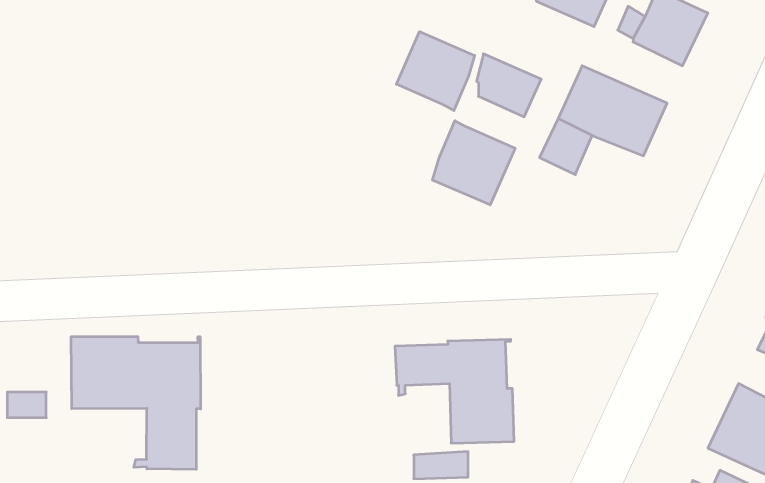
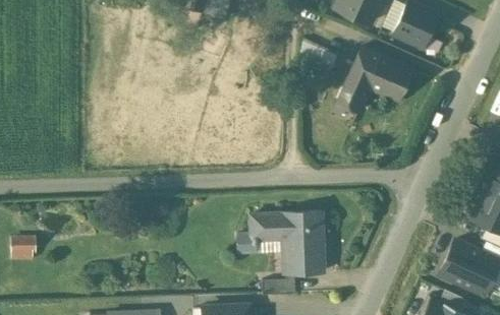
building: [396,32,475,111] -> none
building: [432,121,515,205] -> none
building: [71,337,201,469] -> none

